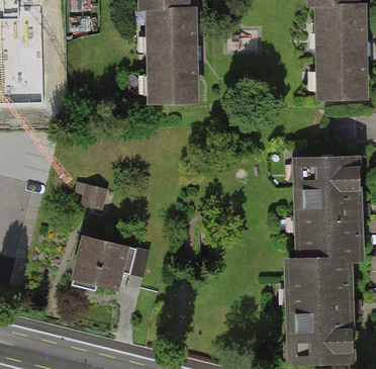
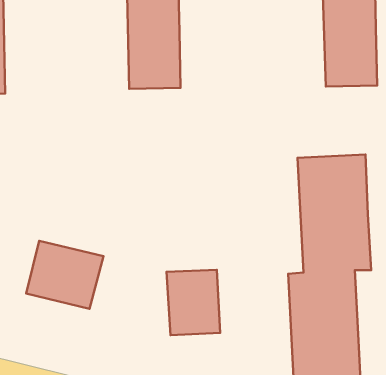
building: [70,177,110,210] -> none
building: none -> [166,270,220,335]

